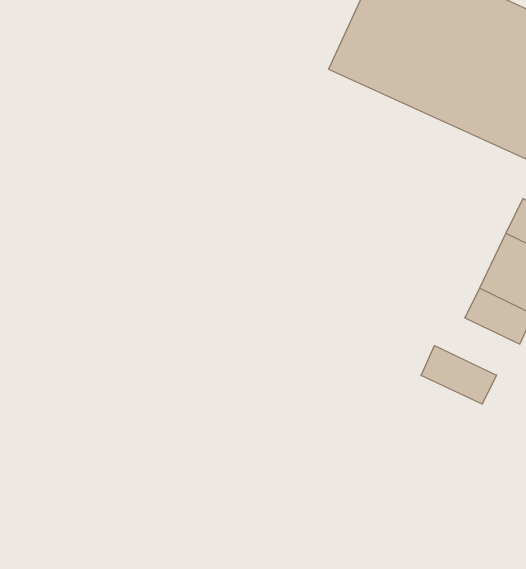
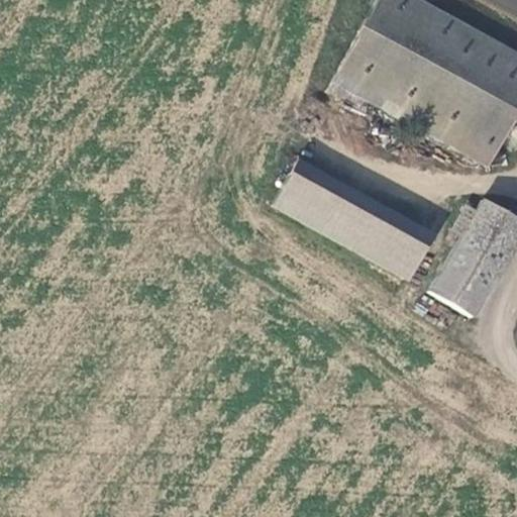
building: none -> [277,170,426,278]
building: [421,346,497,404] -> none

